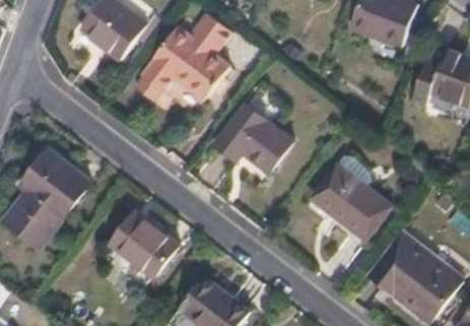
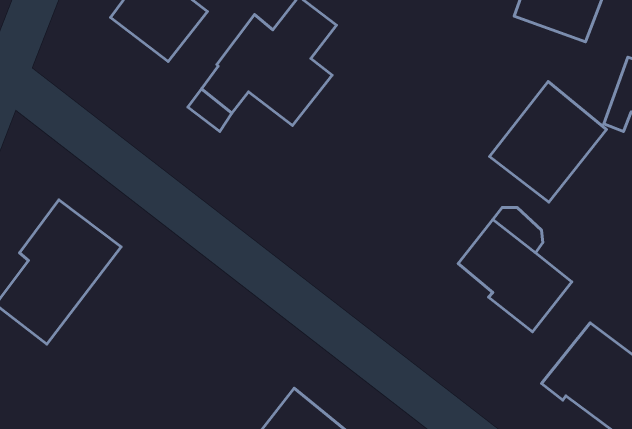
building: none -> [489,82,606,202]
building: [214,104,292,172] -> none
building: [110,209,179,277] -> none

